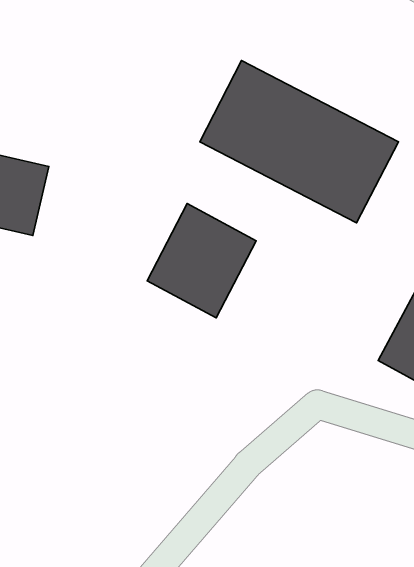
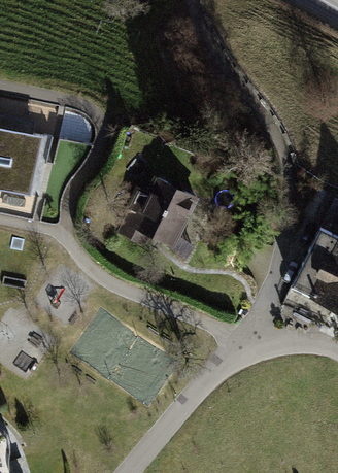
building: [200,61,398,223] -> none

